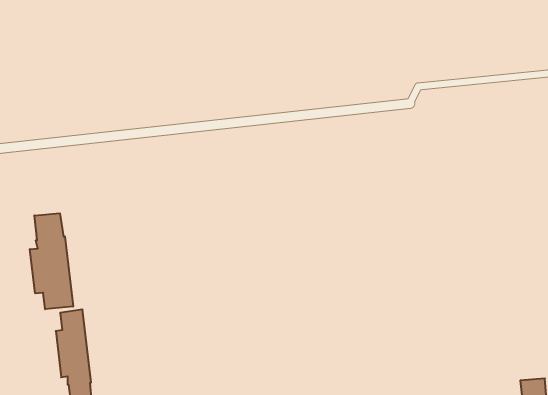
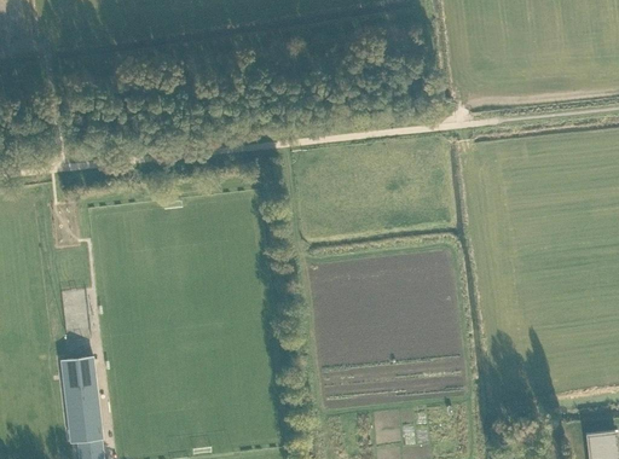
building: [30,213,73,309] -> none

